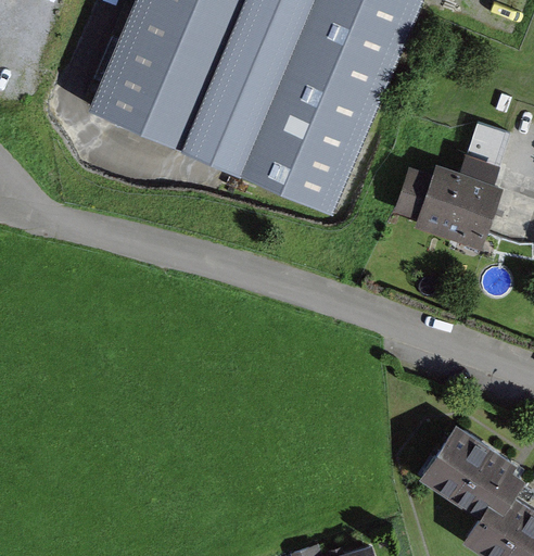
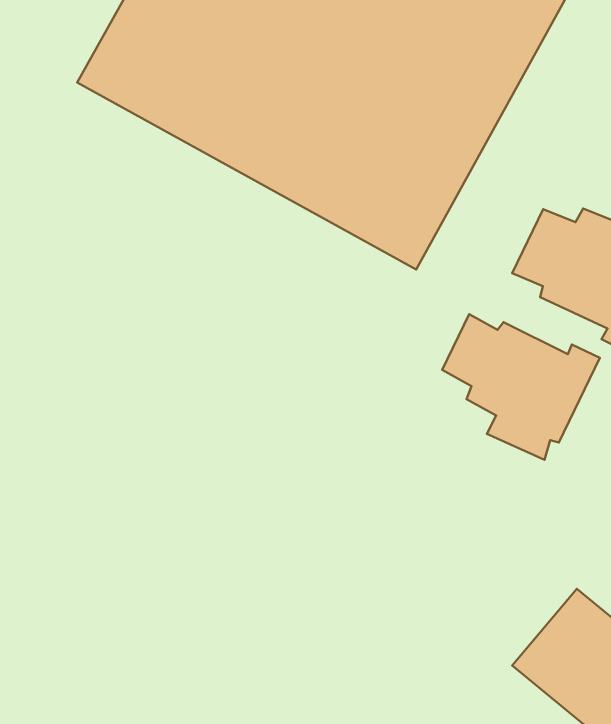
building: none -> [442,314,600,460]

